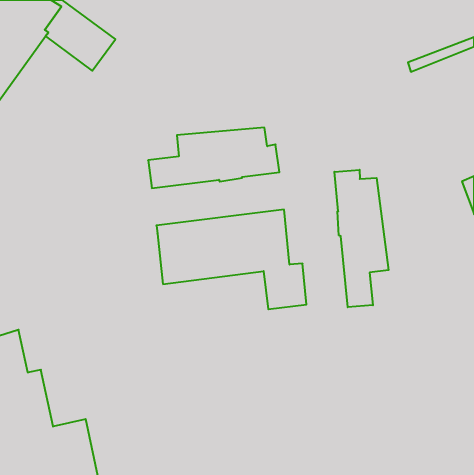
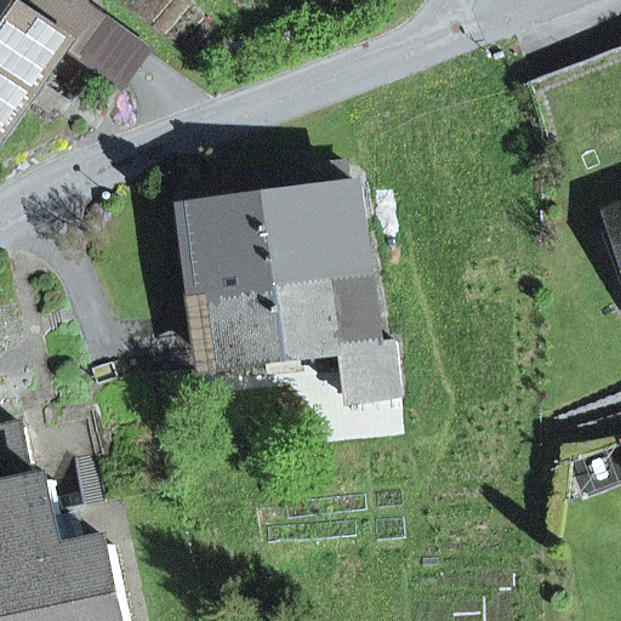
building: [334,170,389,307] -> none
building: none -> [186,226,370,307]

